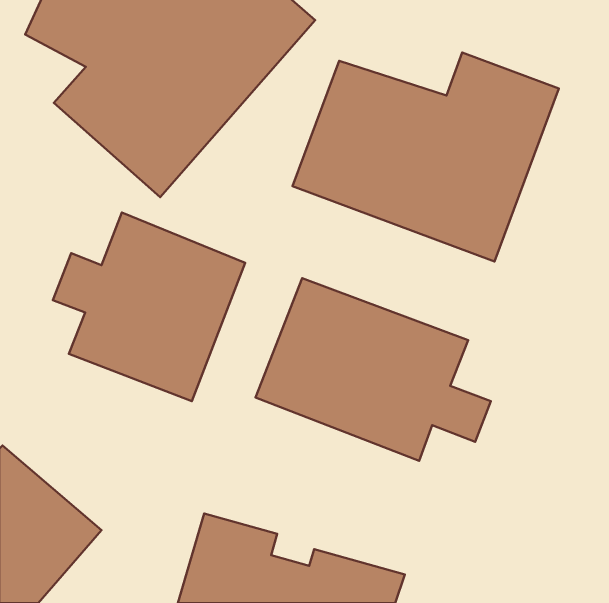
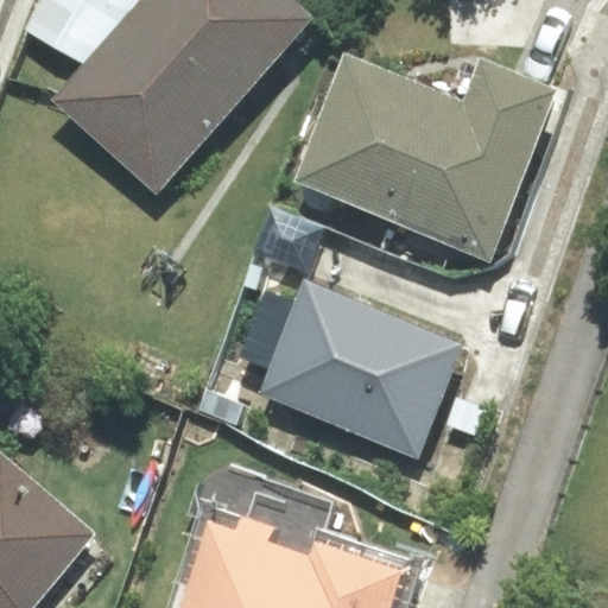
building: [53,213,245,401] -> none

